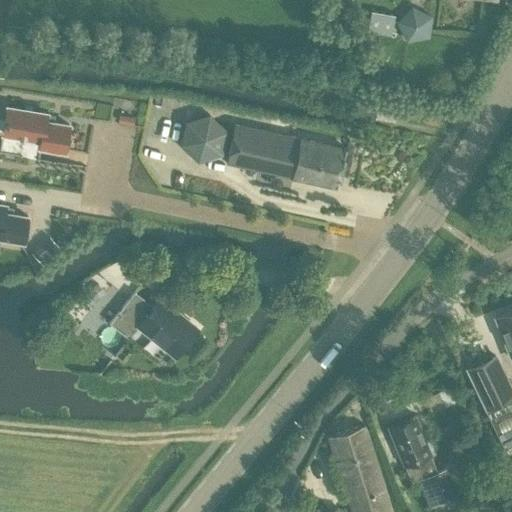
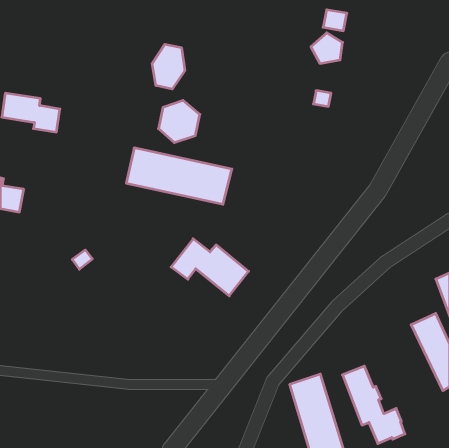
building: [397,8,433,43] -> [311,33,343,63]
building: none -> [152,44,185,89]
building: [226,125,346,189] -> [126,148,232,204]
building: [110,293,198,358] -> [171,239,249,296]

